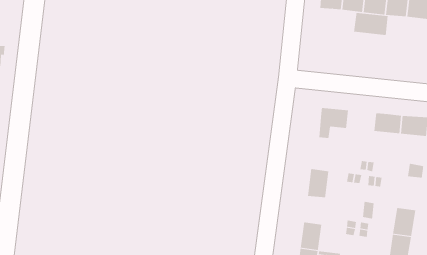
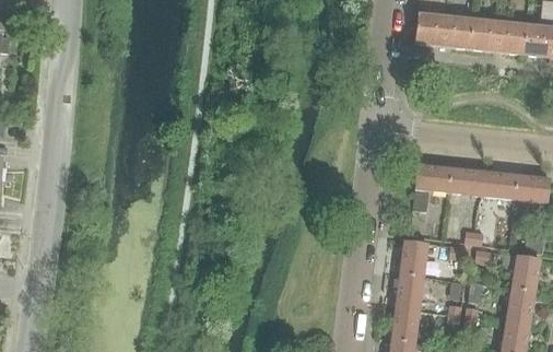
building: [353,12,388,36] -> none
building: none -> [449,168,484,195]
building: none -> [502,254,540,292]
building: none -> [396,274,423,309]

